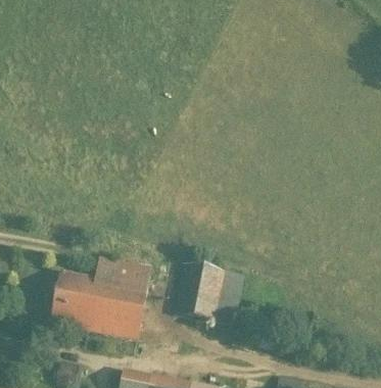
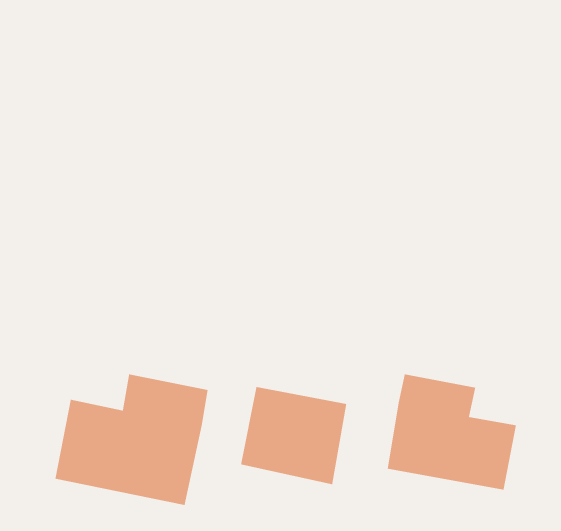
building: none -> [387,374,517,490]

